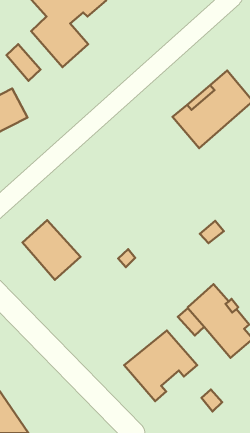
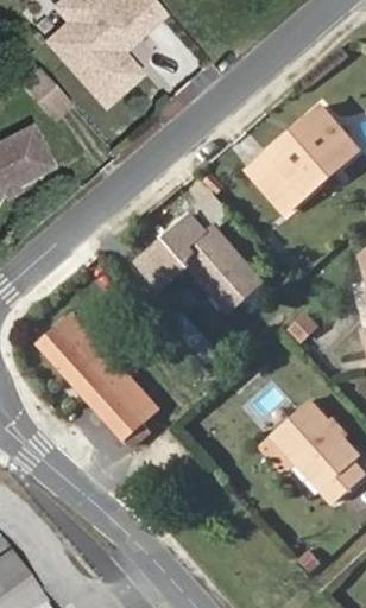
building: none -> [141,211,264,308]
building: none -> [87,362,162,443]
building: [124,330,197,401] -> none

